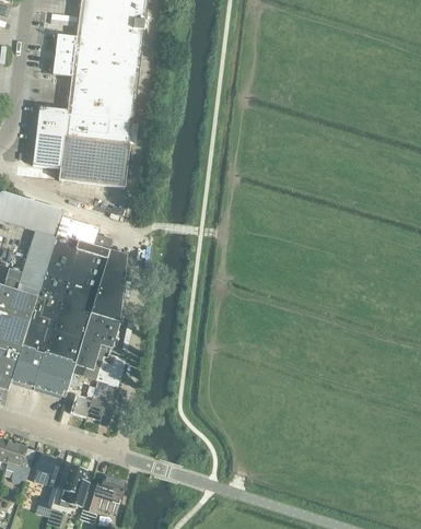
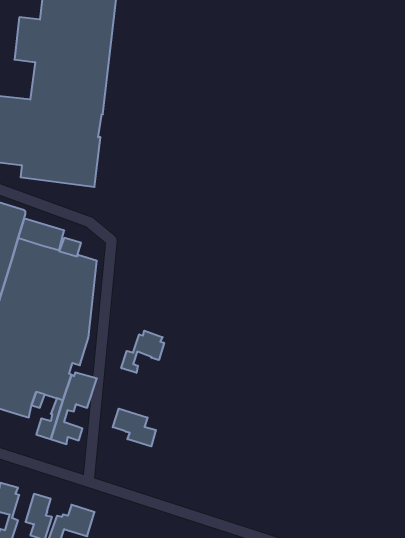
building: none -> [121,331,164,373]
building: none -> [113,409,156,446]

